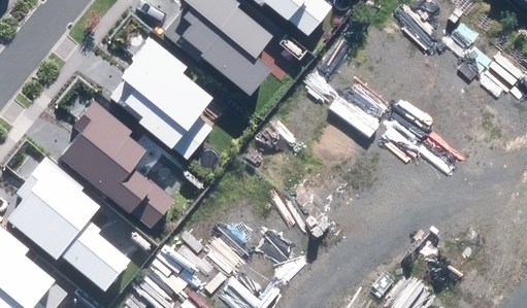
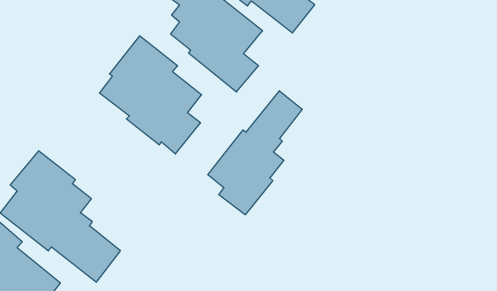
building: none -> [208,91,302,215]
building: [61,100,174,229] -> none

